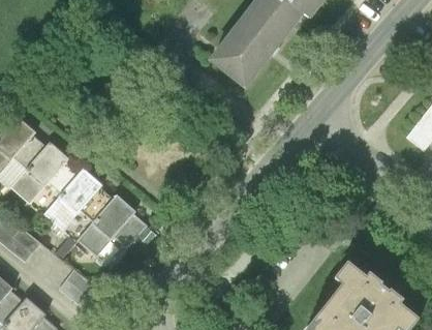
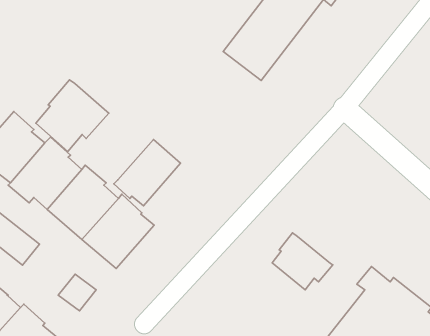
building: none -> [36,80,109,151]
building: none -> [114,140,180,206]
building: none -> [272,233,333,290]

